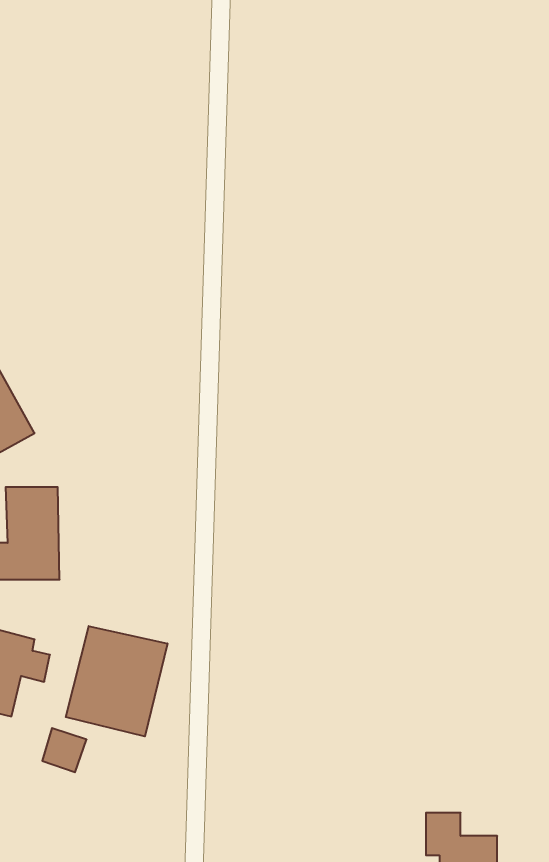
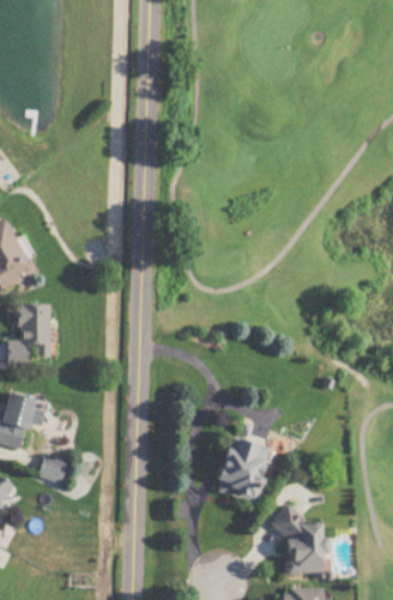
building: [66,626,167,736] -> none
building: none -> [214,436,272,503]

